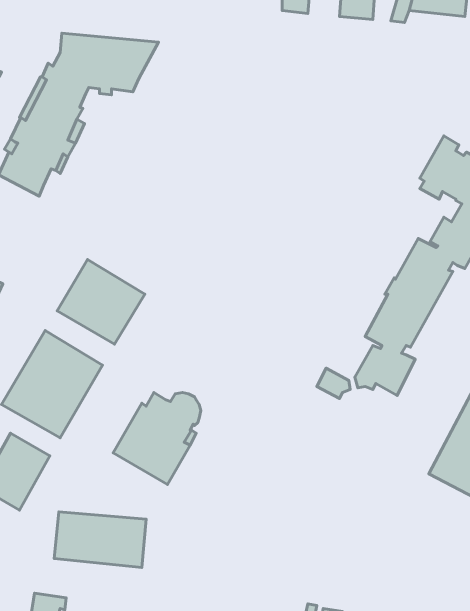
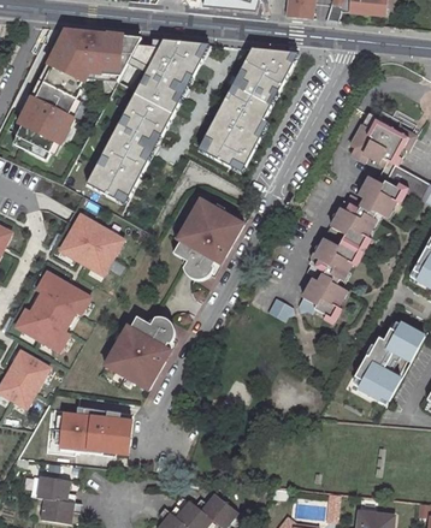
building: none -> [83,40,213,209]
building: none -> [196,47,306,178]
building: none -> [172,197,243,279]

